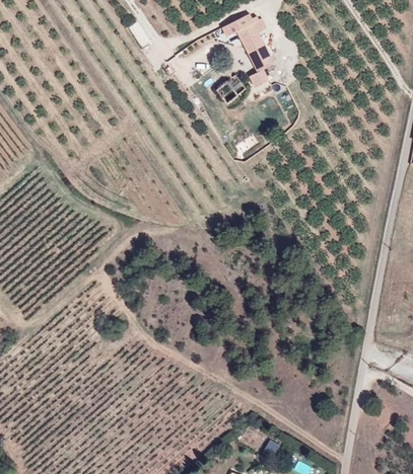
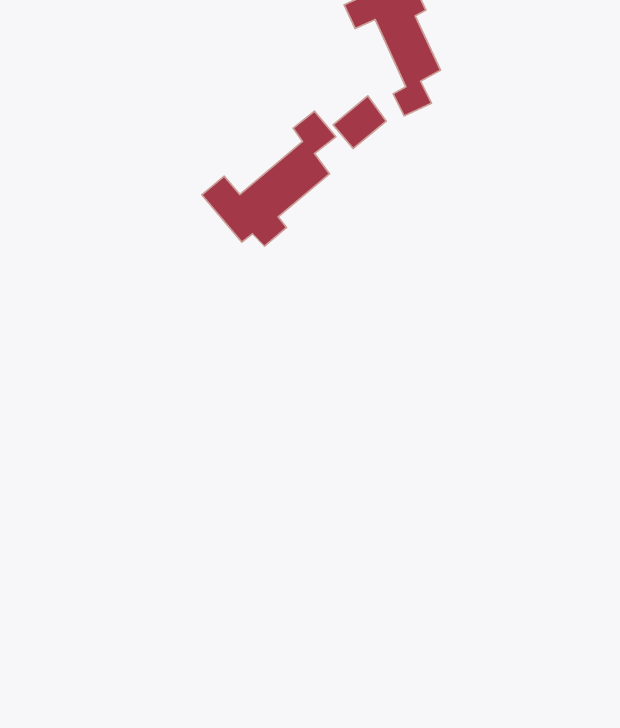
building: none -> [202,111,336,246]

